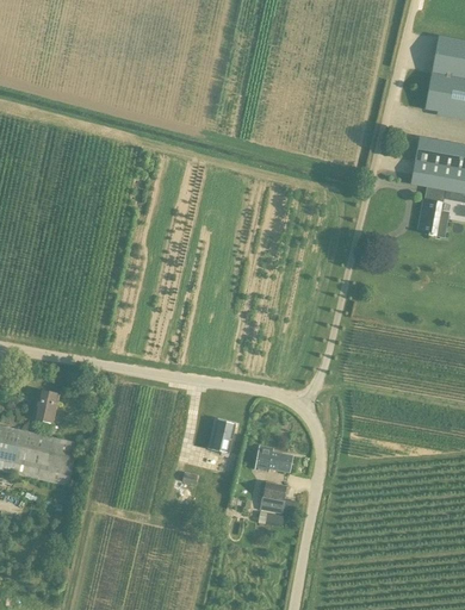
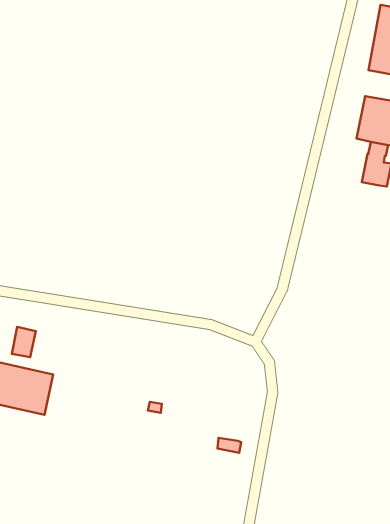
building: [210,421,235,452] -> none
building: [255,446,292,473] -> none
building: [260,481,286,513] -> none

